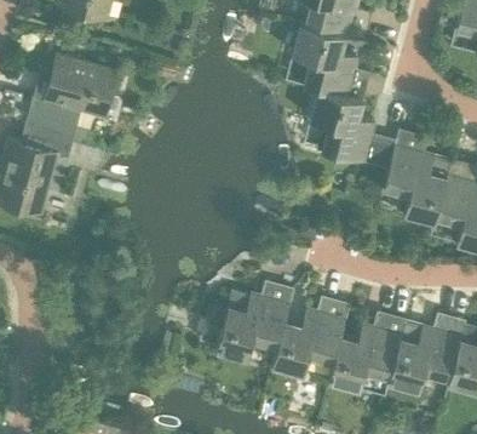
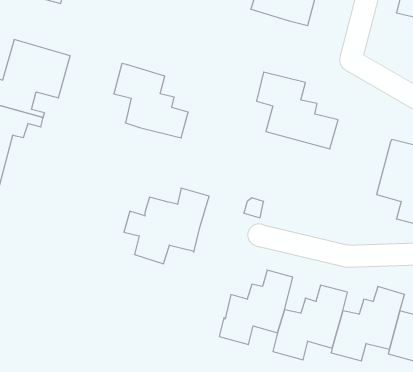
building: [292,23,369,101] -> [114,63,188,138]
building: [383,130,450,222] -> none
building: [206,280,294,359] -> [124,188,209,264]

